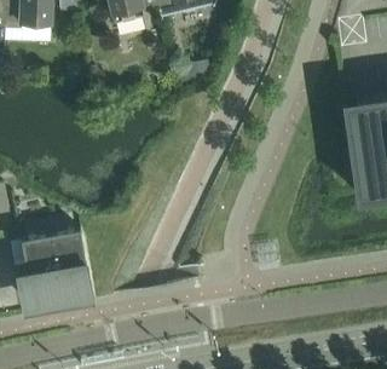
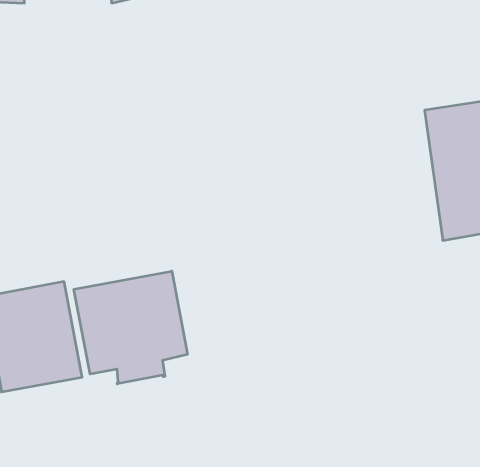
building: none -> [74,271,187,384]

